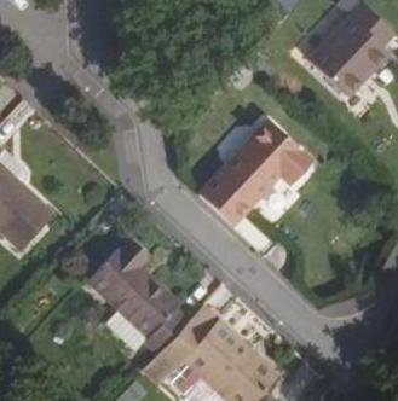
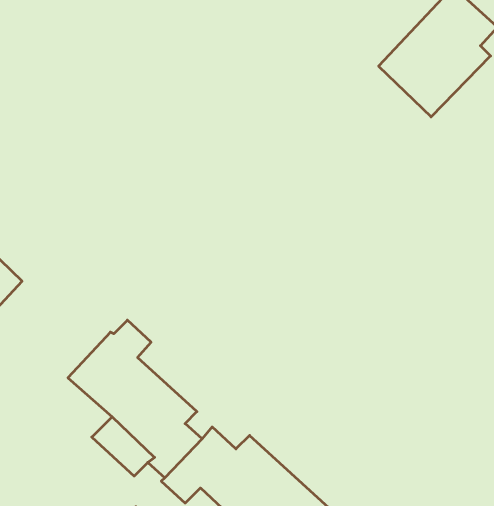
building: [200,121,313,226] -> none

